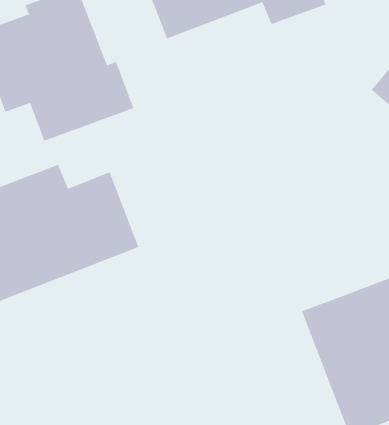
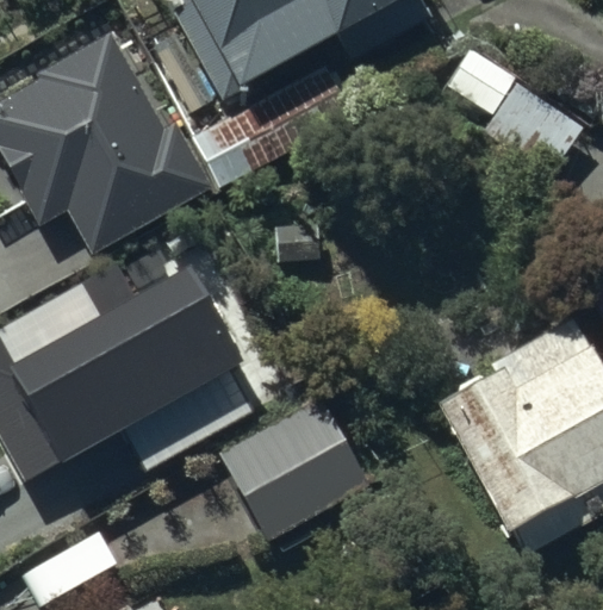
building: none -> [225,405,368,542]

